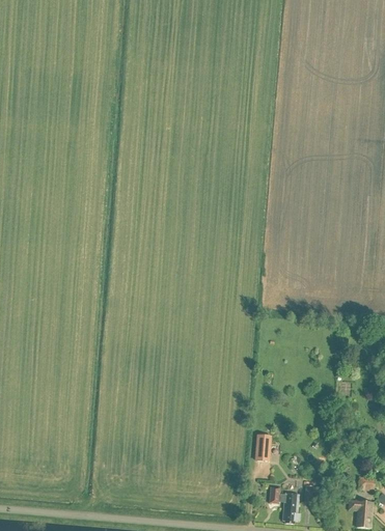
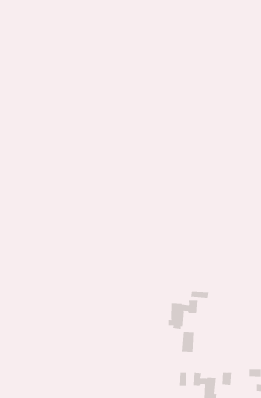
building: none -> [168,299,198,330]

